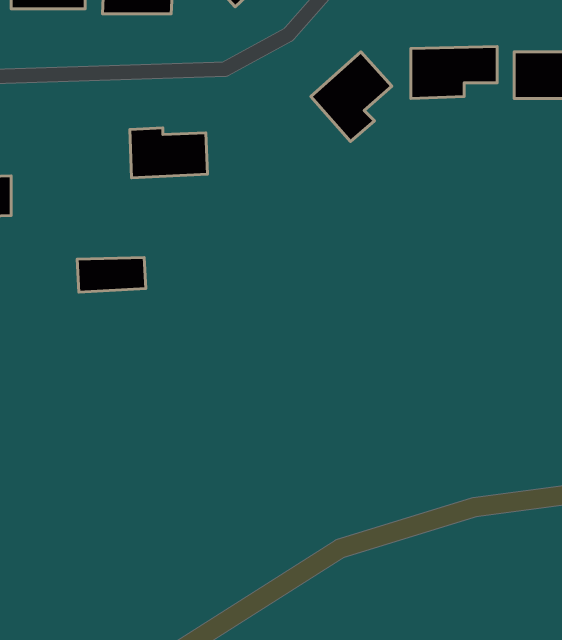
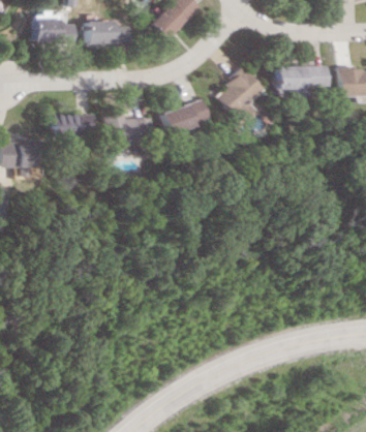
building: none -> [159,99,208,134]
building: [77,258,146,292] -> [54,114,95,134]

